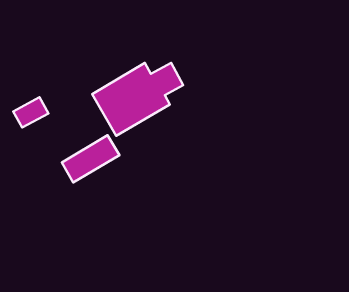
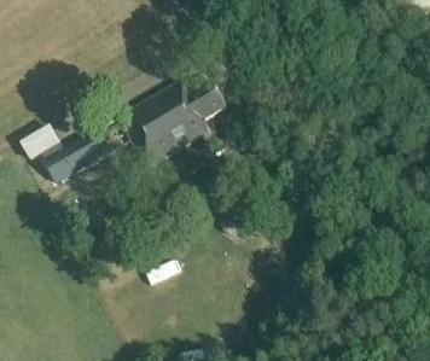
building: [62,135,120,183] -> [42,128,111,185]

